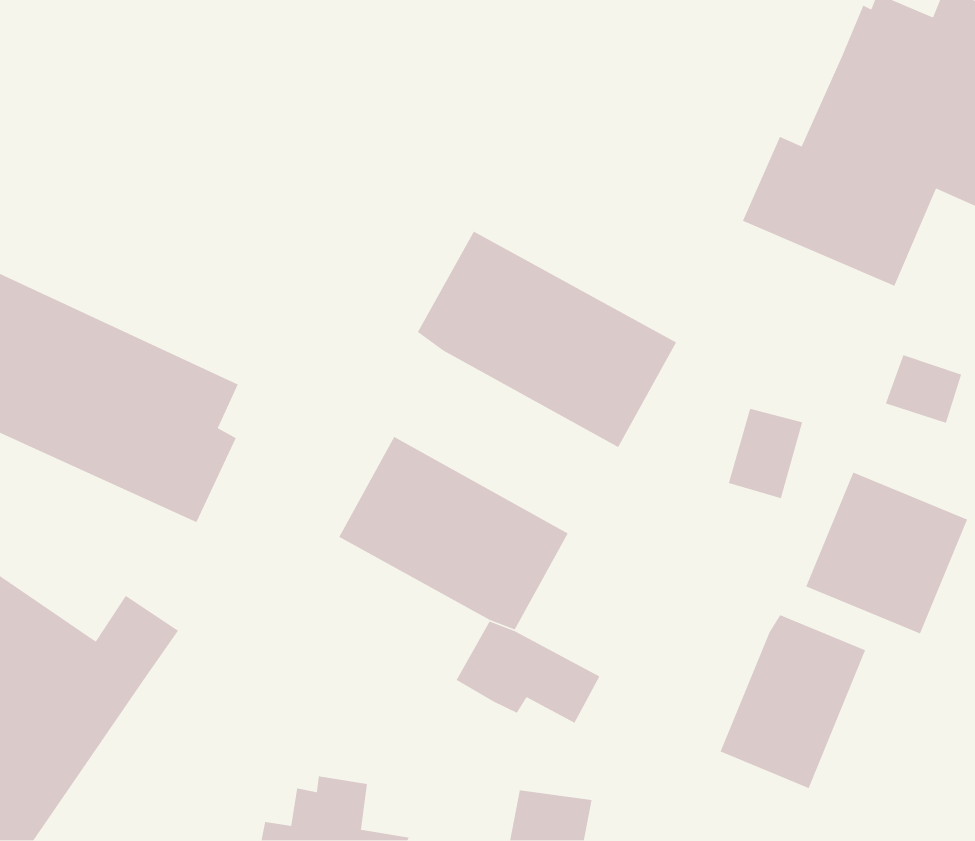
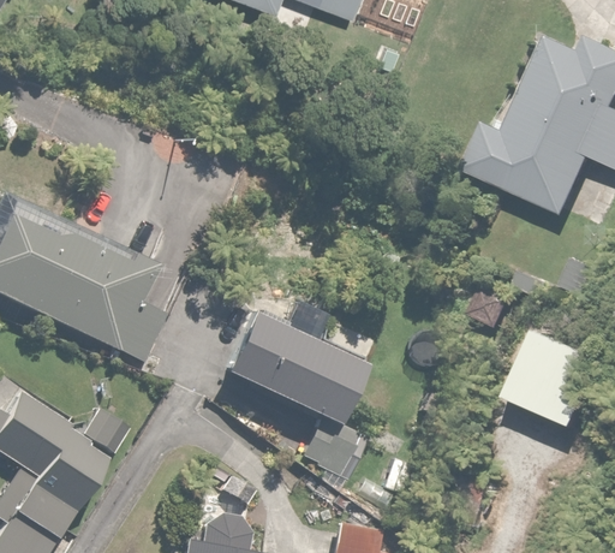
building: [417,230,677,448] -> none
building: [719,614,866,789] -> none

